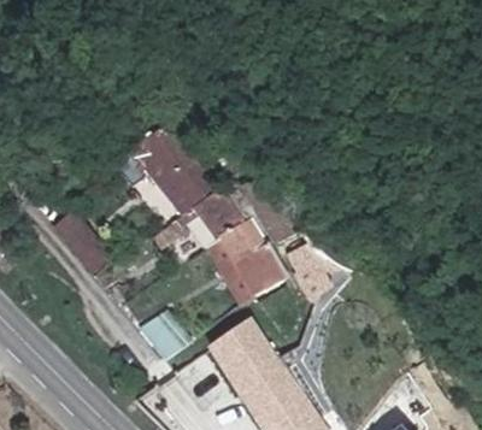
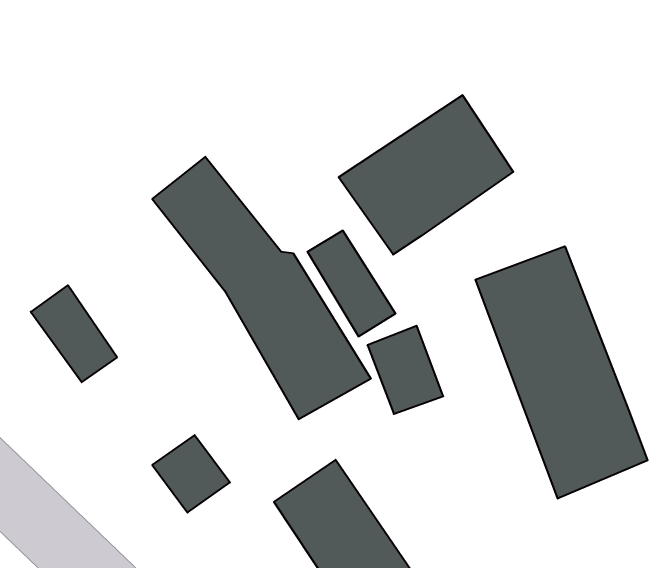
building: none -> [339,95,513,255]
building: none -> [475,246,648,499]

